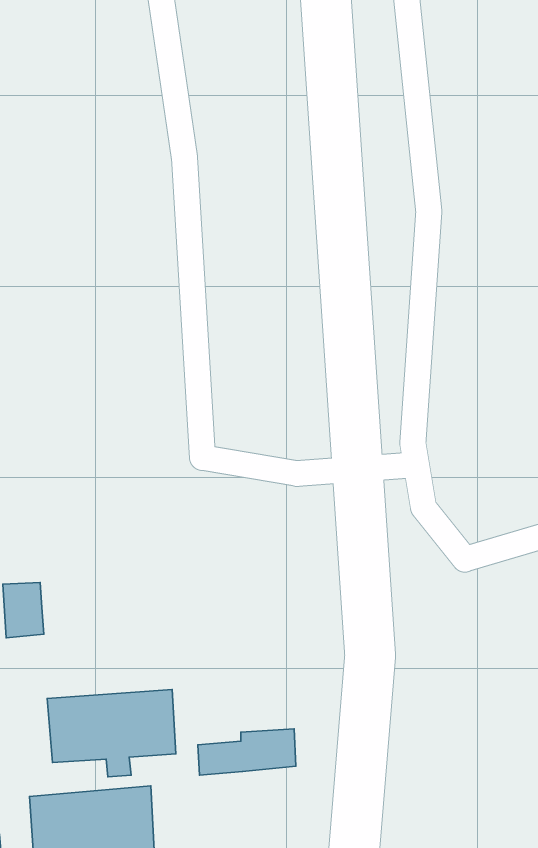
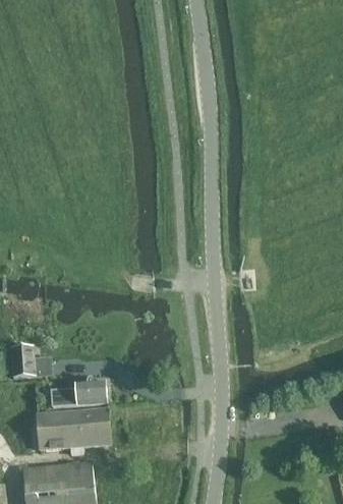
building: [198,729,296,775] -> [49,380,105,406]

